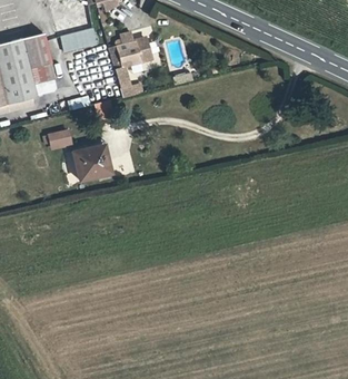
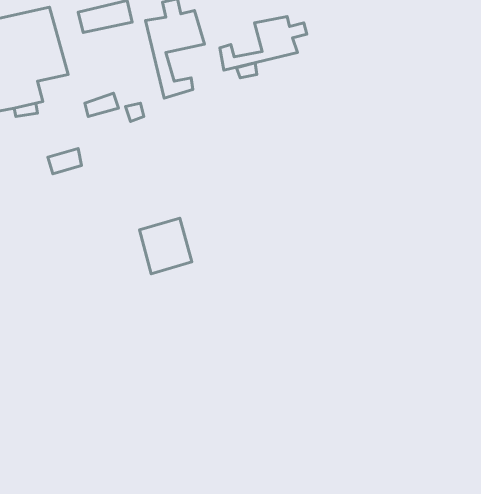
building: none -> [220,16,307,70]
building: [70,143,105,179] -> [139,218,192,274]

